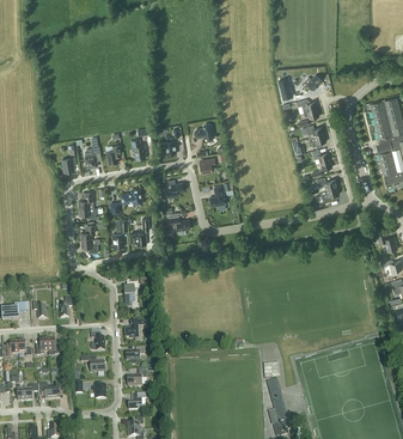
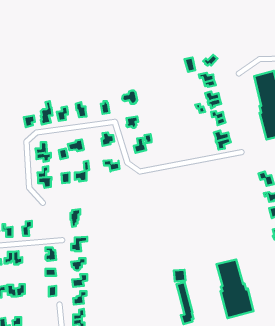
building: none -> [216,259,253,318]

